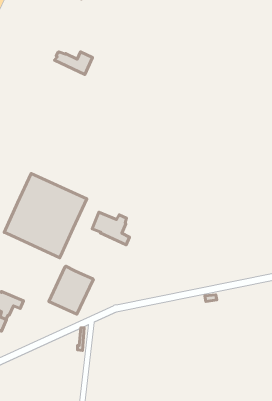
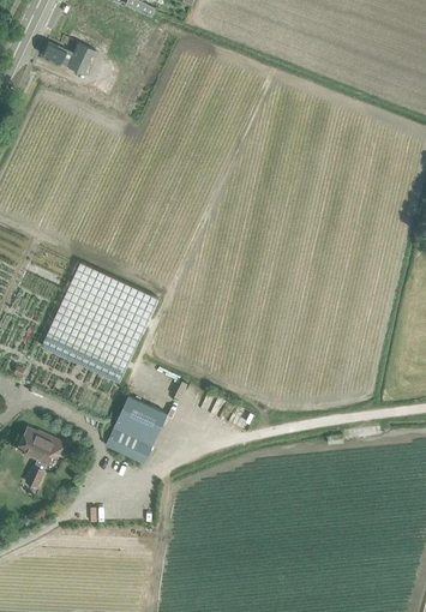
building: [54,52,92,74] -> [41,43,95,76]
building: [92,212,129,245] -> none

